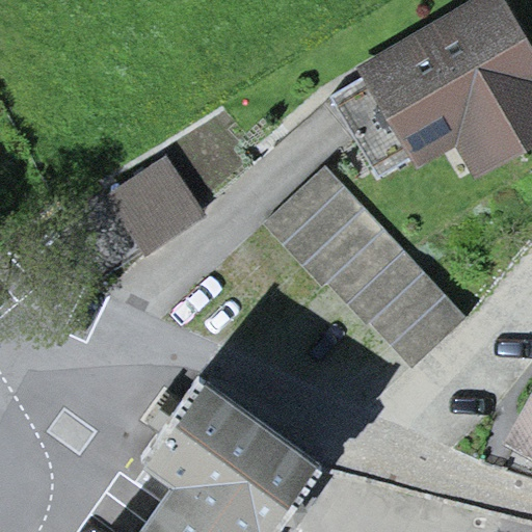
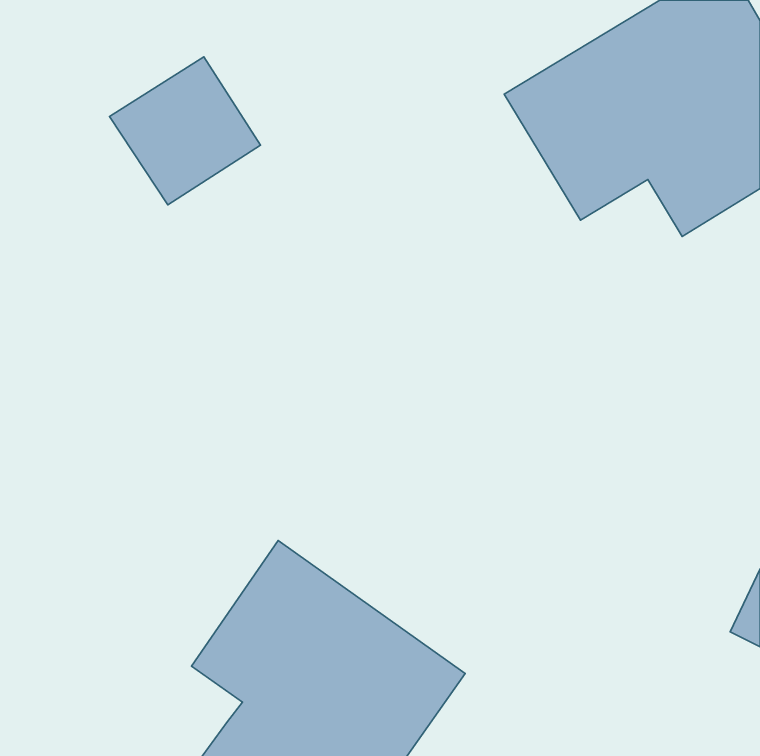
building: [102,153,207,256] -> [109,57,261,205]
building: [266,166,470,370] -> none

